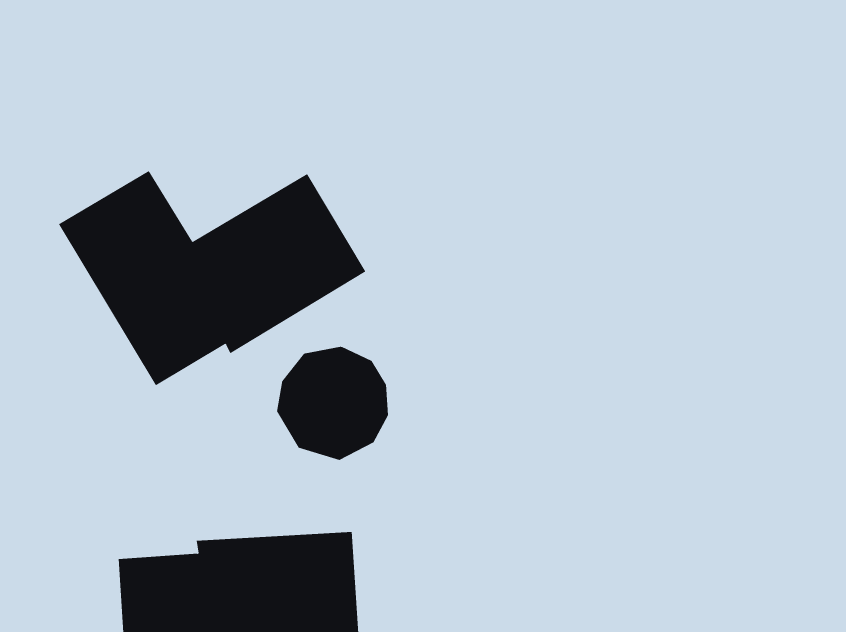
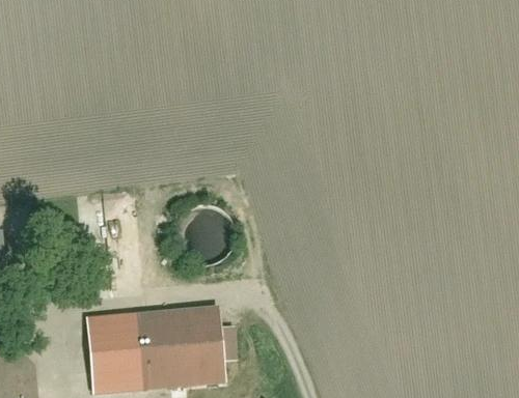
building: [58,170,366,386] -> none

